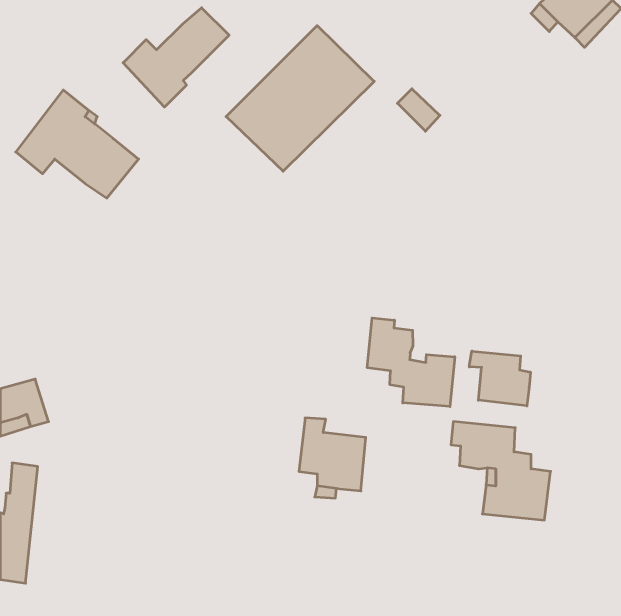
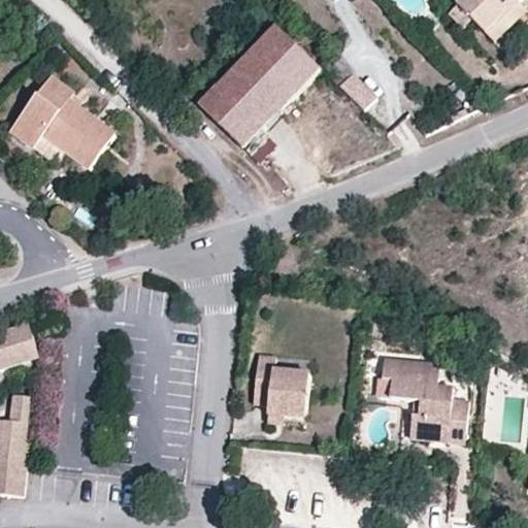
building: [123,8,229,107] -> none
building: [367,318,455,407] -> none
building: [469,351,530,406] -> none

